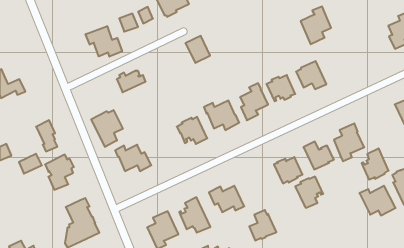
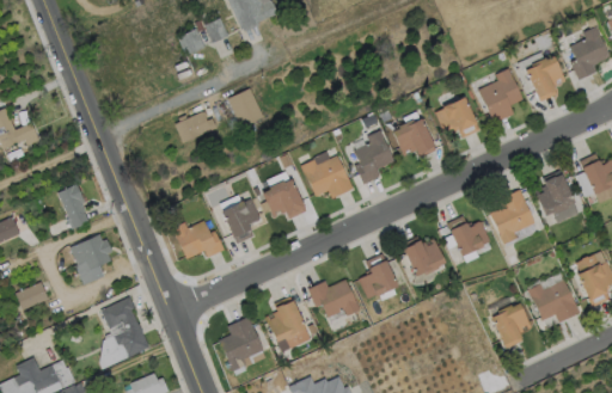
building: [301,6,331,44] -> [478,69,522,124]
building: [86,26,122,57] -> none
building: none -> [525,57,565,98]
building: [185,36,210,63] -> [227,88,263,128]
building: [91,110,123,147] -> none
building: none -> [221,198,261,244]
building: [362,148,389,180] -> [534,170,574,215]
building: [19,154,42,174] -> [16,282,49,311]
building: [295,177,323,208] -> [490,303,531,349]
building: [249,210,276,240] -> [359,254,398,299]

